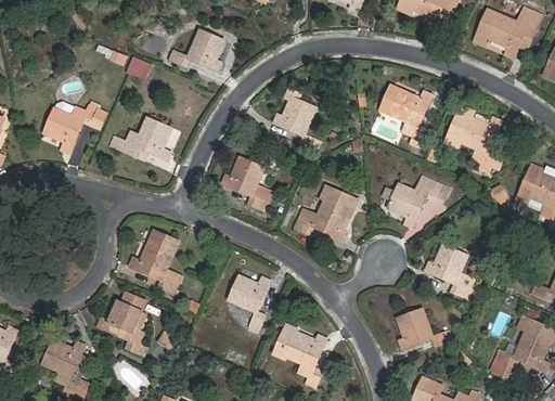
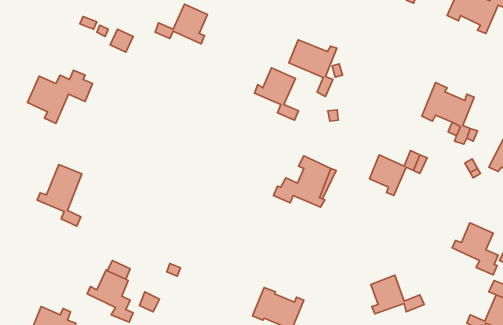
building: [384,88,434,146] -> [289,40,337,96]
building: [115,117,170,158] -> none
building: [219,154,270,208] -> none
building: [137,232,183,296] -> [37,164,82,226]
building: [424,246,472,300] -> [452,223,498,275]
building: [225,274,269,329] -> none

